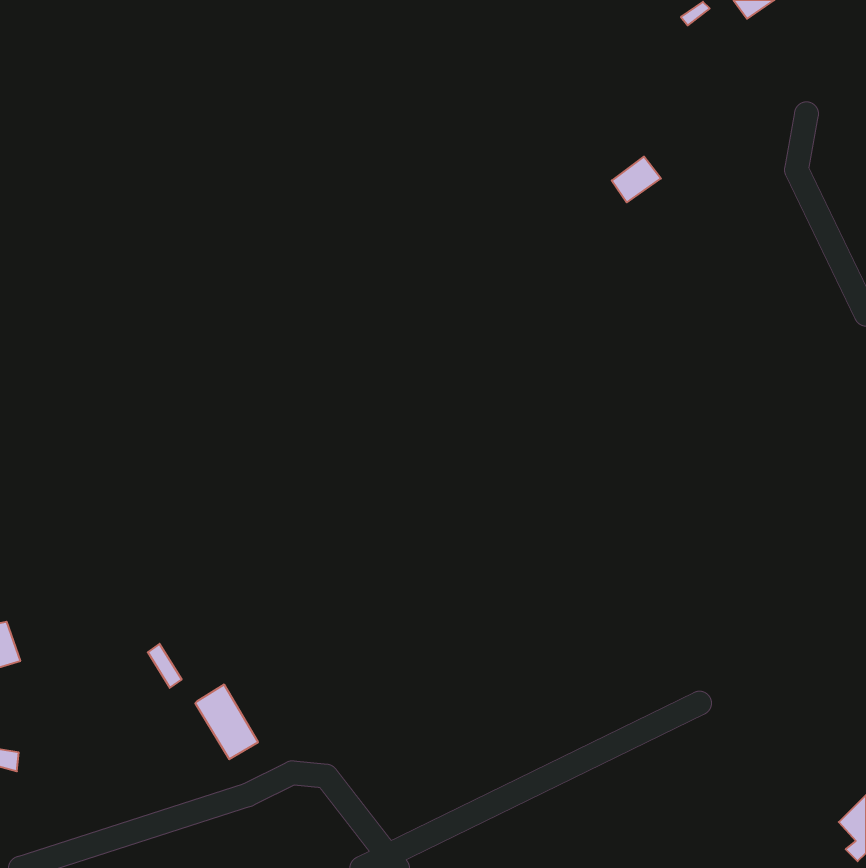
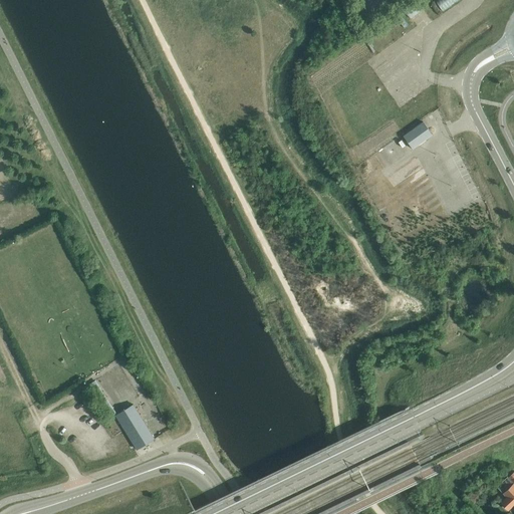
building: [612,157,661,202] -> [403,121,432,149]

